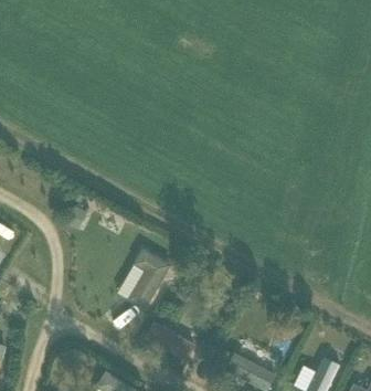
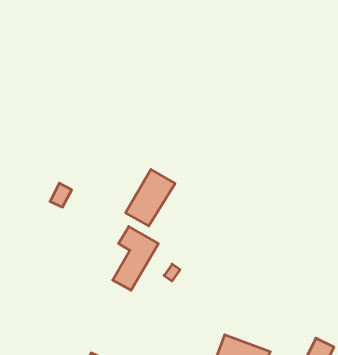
building: none -> [126,169,175,226]

